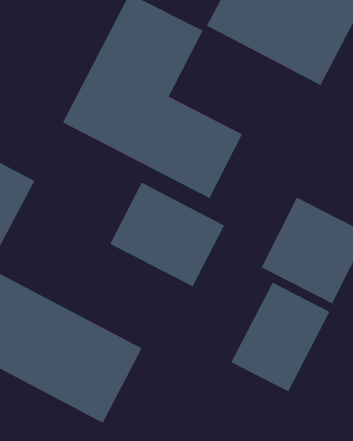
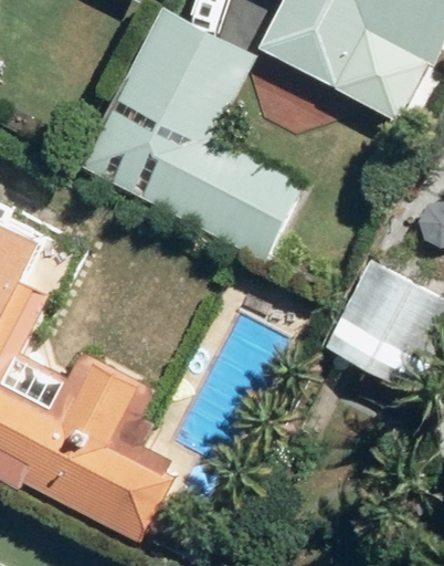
building: [110,182,225,287] -> none
building: [231,282,330,392] -> none

